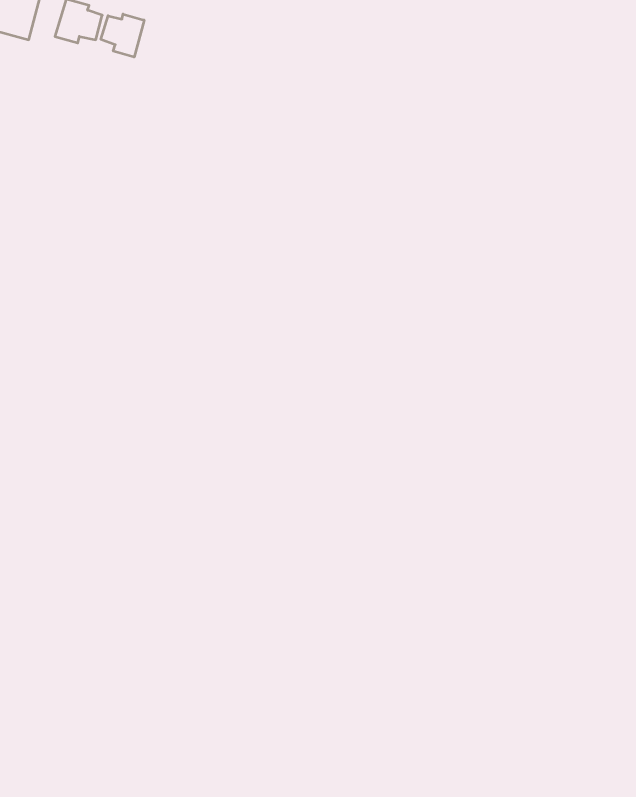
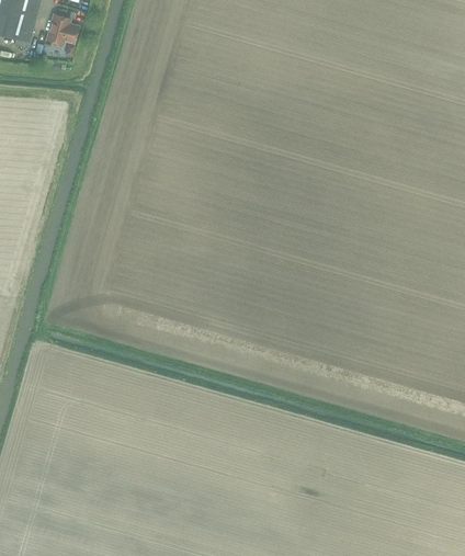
building: [101,14,144,57] -> none

